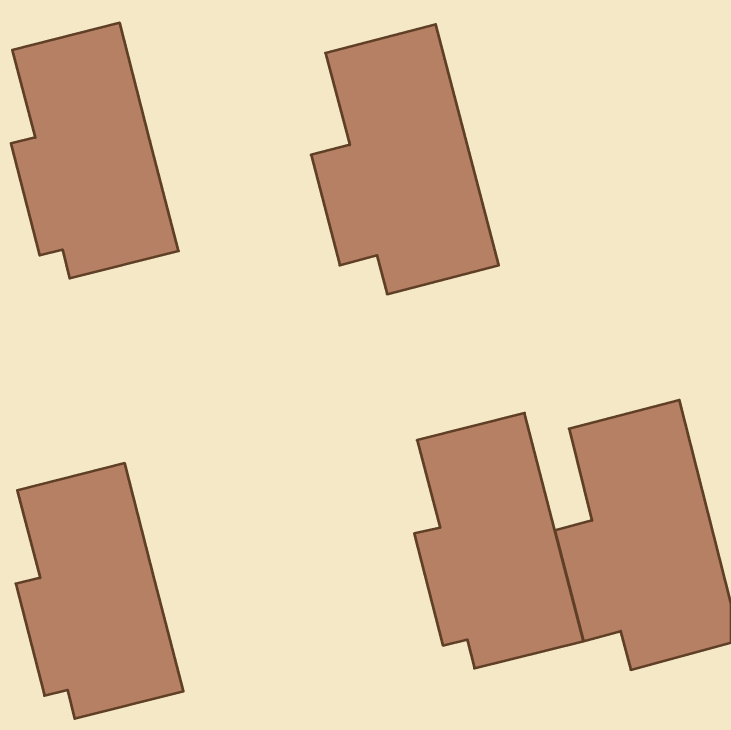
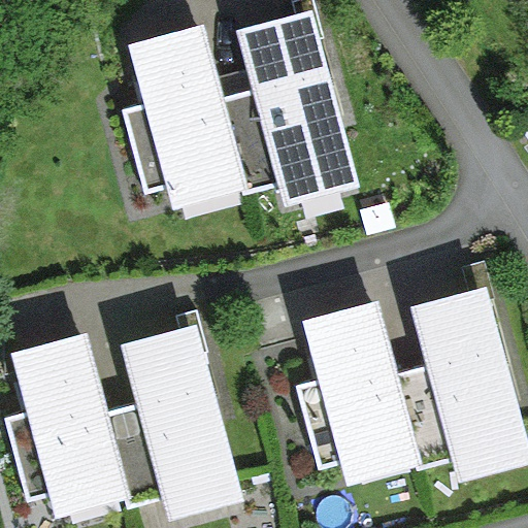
building: [11,23,179,278] -> [124,27,244,210]
building: none -> [111,324,245,518]

